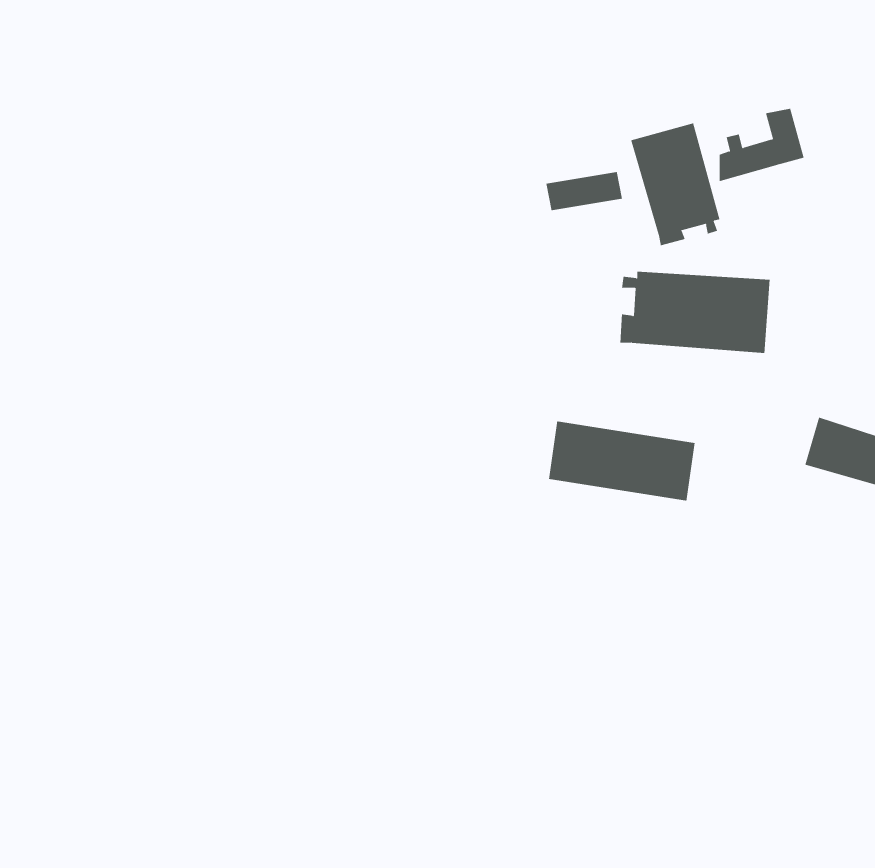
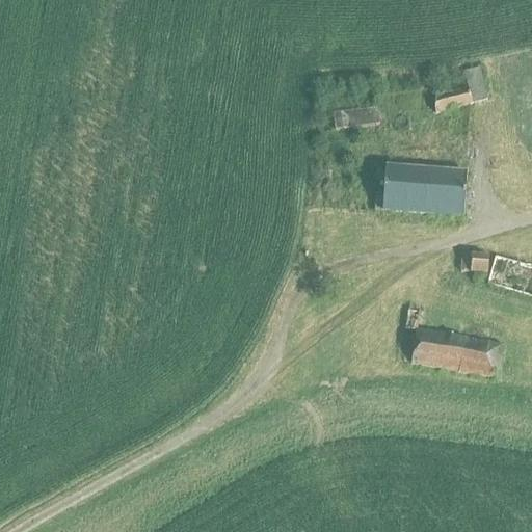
building: [631,122,720,246] -> none
building: [548,421,696,501] -> [411,326,501,375]

